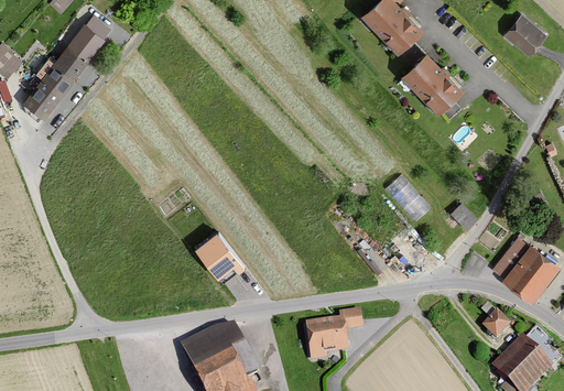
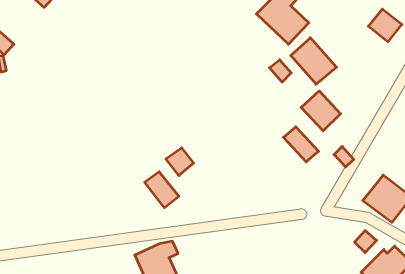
building: [28,18,115,115] -> none
building: none -> [269,60,291,82]
building: none -> [301,91,341,131]
building: none -> [166,148,194,176]
building: [306,311,364,360] -> none

